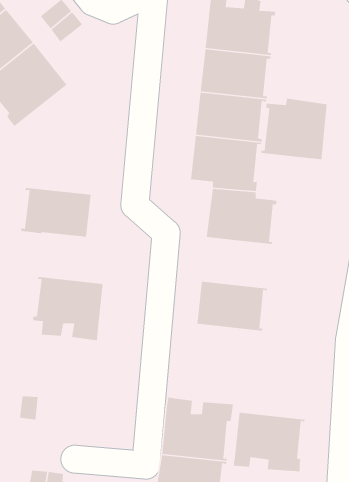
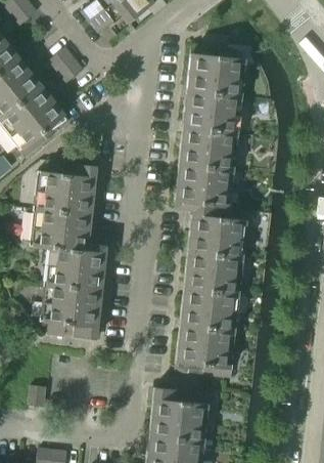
building: [260,98,327,160] -> none
building: none -> [34,161,95,215]
building: none -> [44,248,104,291]
building: none -> [183,252,243,295]
building: [233,412,305,472] -> [174,326,235,377]

